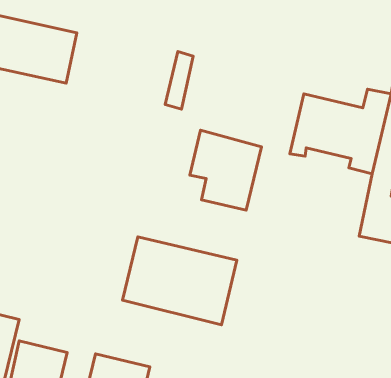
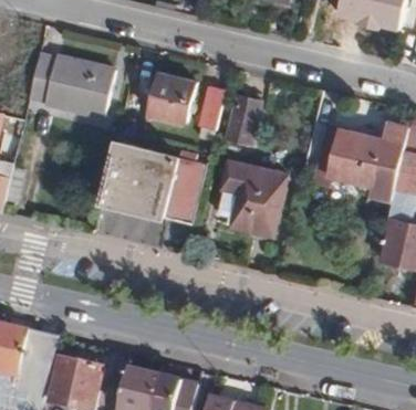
building: none -> [147,71,195,123]
building: none -> [223,94,258,141]
building: [123,237,237,325] -> [98,139,206,222]

